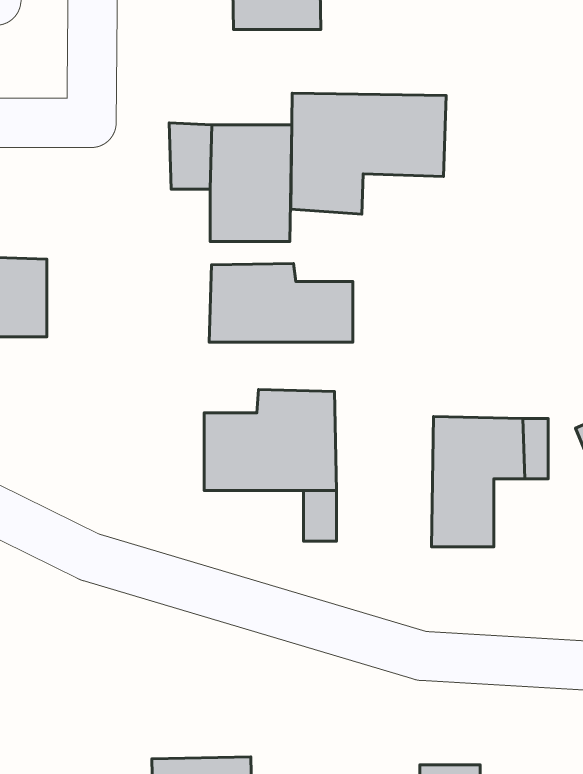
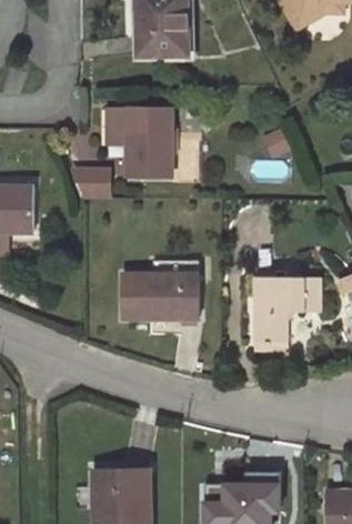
building: [291,93,446,214] -> none
building: none -> [78,167,115,200]
building: [209,263,353,342] -> none

